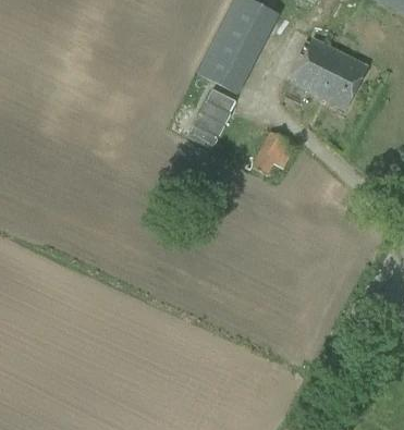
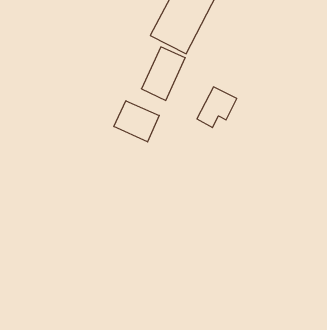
building: [292,39,368,109] -> none
building: none -> [114,101,159,142]

